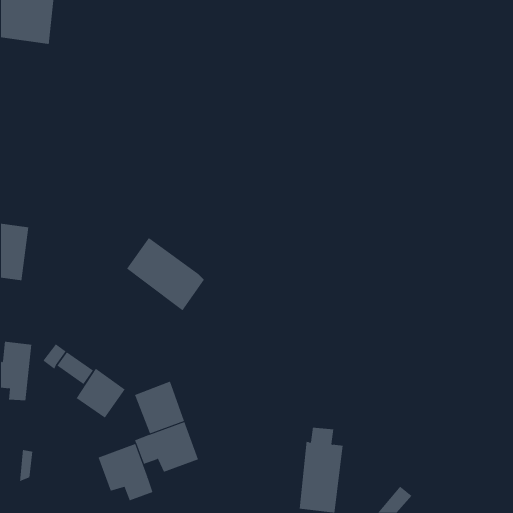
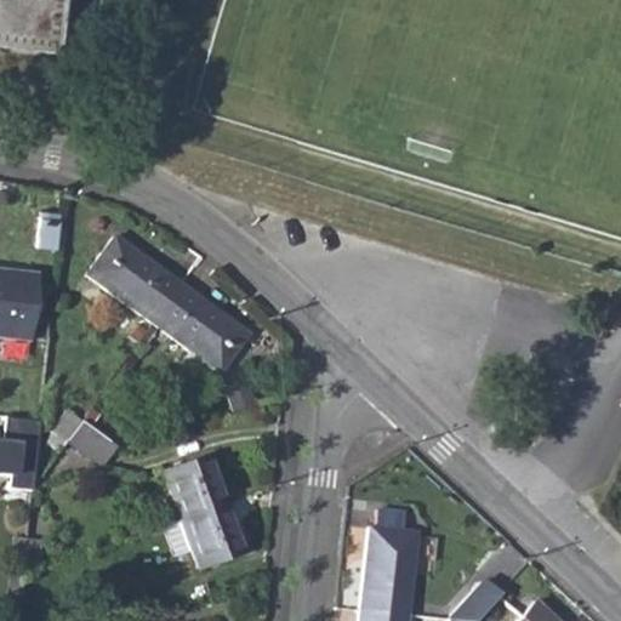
building: none -> [87,234,182,323]
building: [76,368,126,418] -> none
building: [98,443,153,501] -> none

